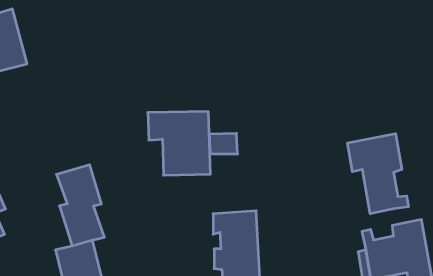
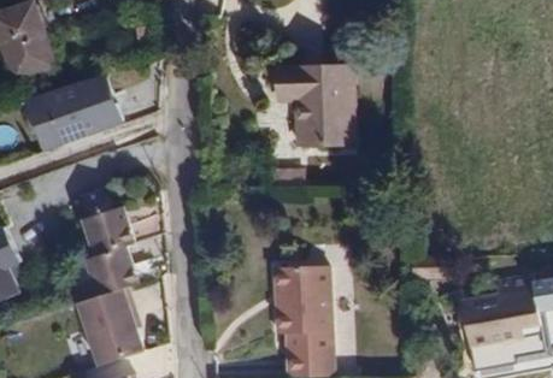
building: none -> [18,90,113,158]
building: [148,112,210,175] -> [277,64,354,142]
building: [348,134,408,214] -> none

